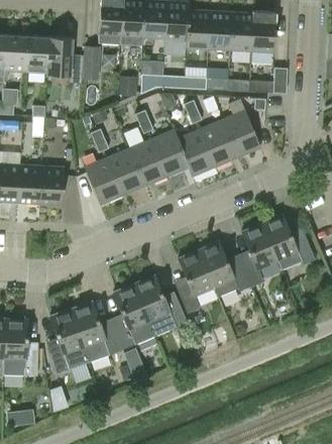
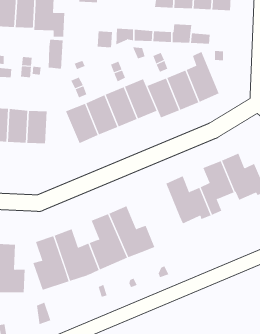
building: [83,45,101,80] -> [48,39,64,69]
building: [249,67,288,92] -> none
building: [175,250,214,313] -> none

